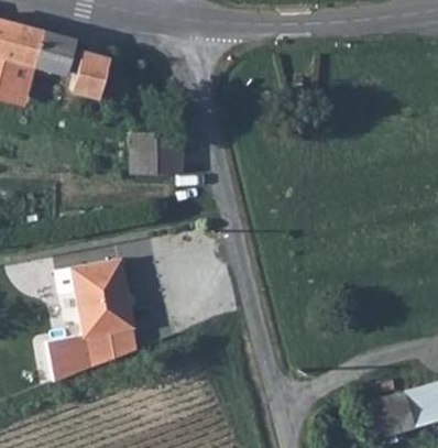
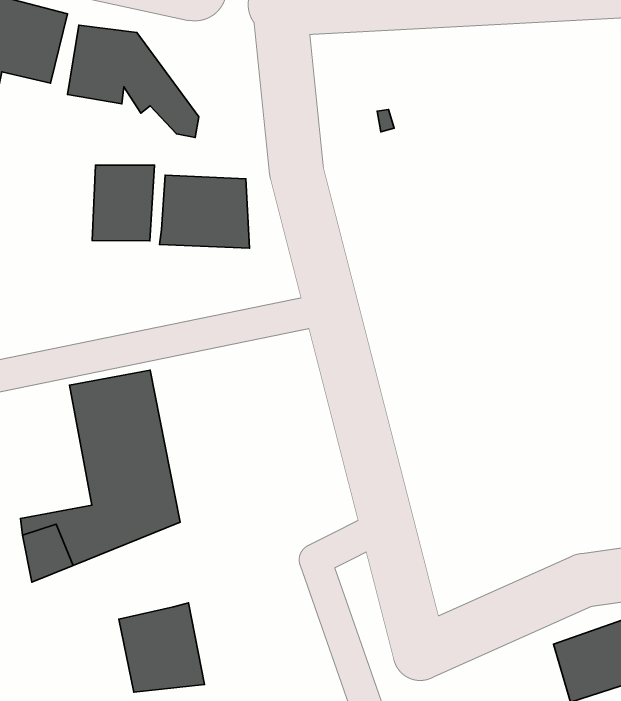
building: none -> [92,165,155,241]
building: none -> [119,603,204,692]

